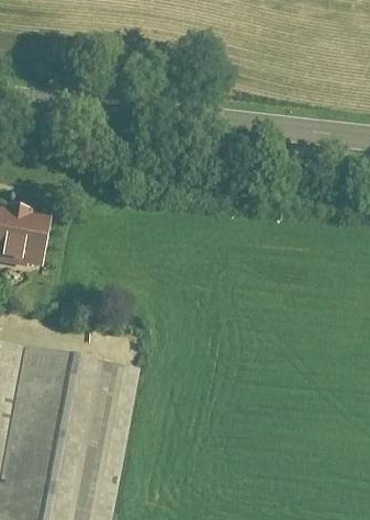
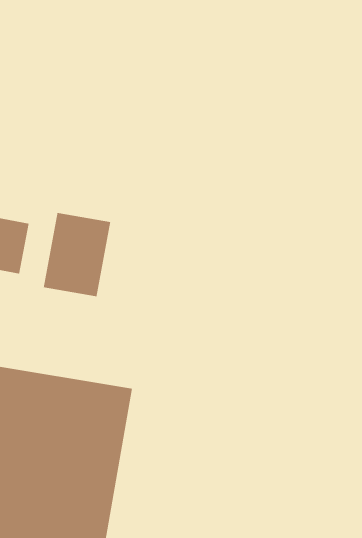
building: none -> [43,212,111,297]

